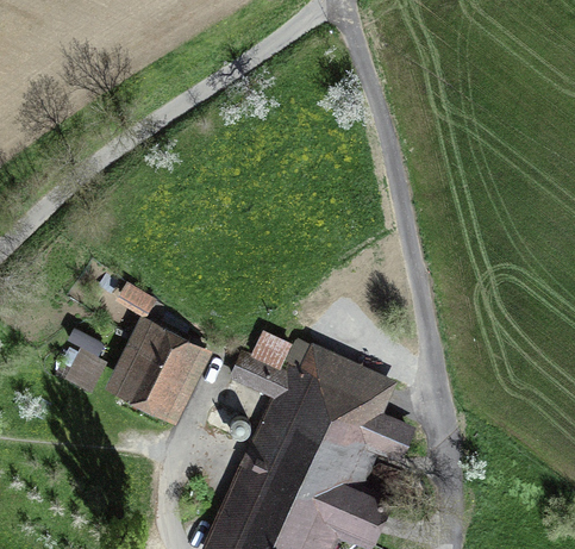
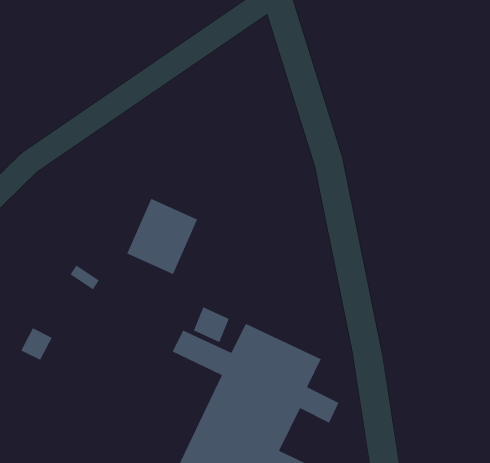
building: [117,326,193,408] -> [126,198,198,275]

